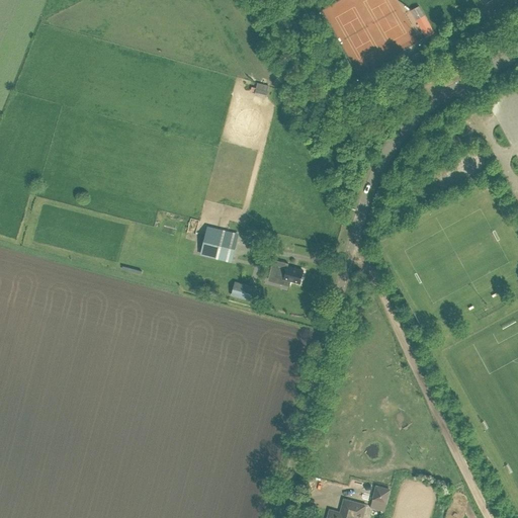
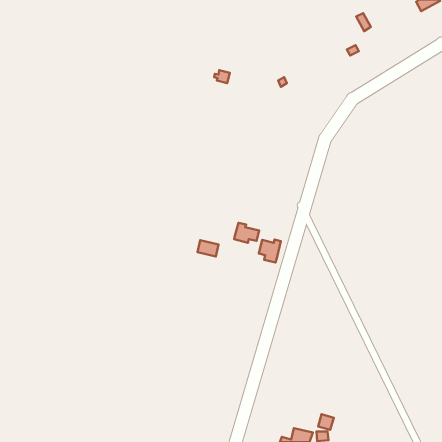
building: [199,232,237,261] -> none
building: none -> [259,239,281,263]

